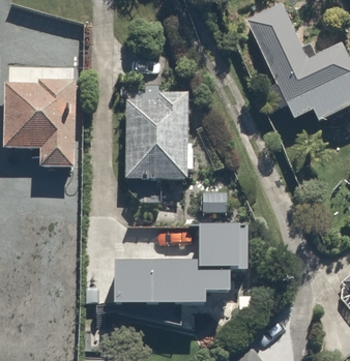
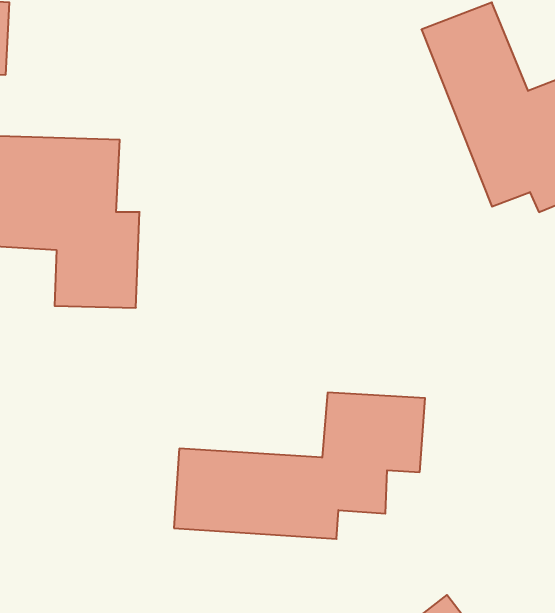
building: [123,85,205,179] -> none

